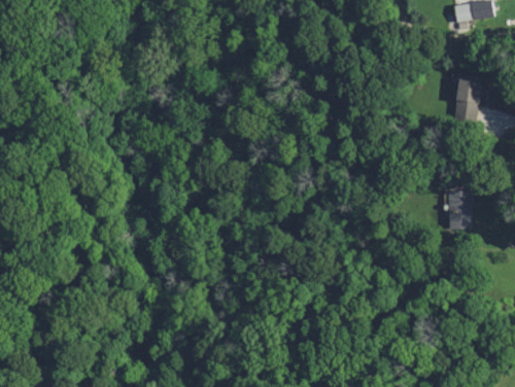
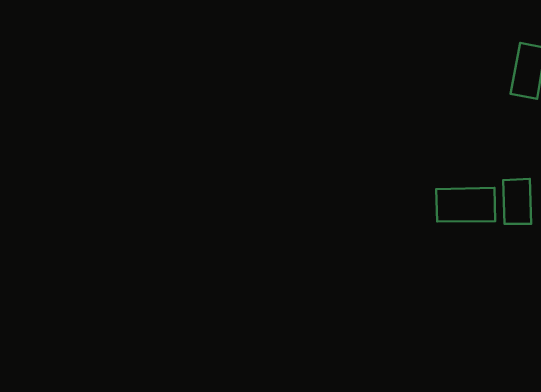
building: none -> [436,188,495,221]

